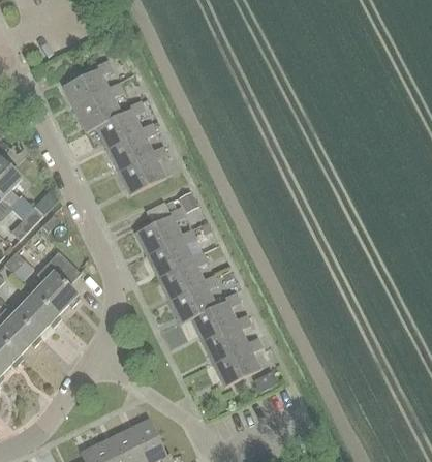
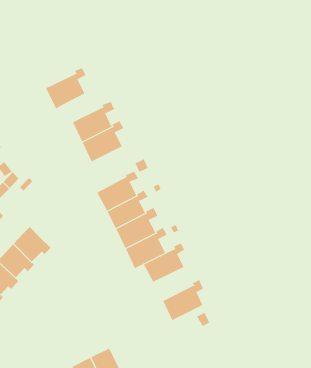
building: [62,60,112,107] -> none
building: [95,100,145,148] -> none
building: [37,252,81,285] -> none
building: [202,313,252,361] -> none

